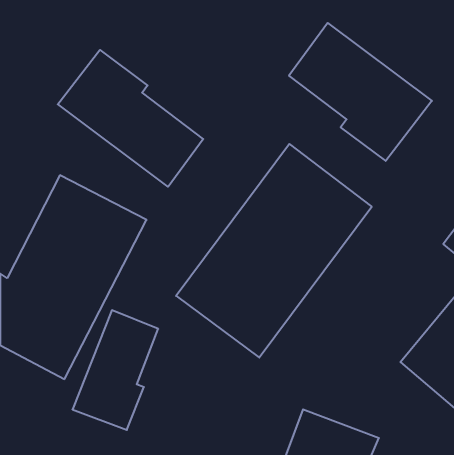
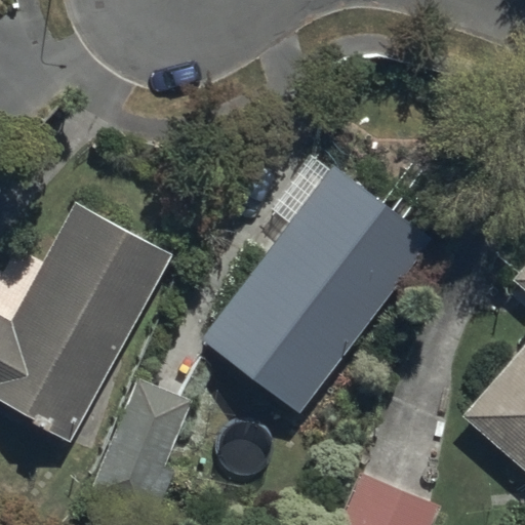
building: [289,23,432,161] -> none
building: [58,50,203,187] -> none

